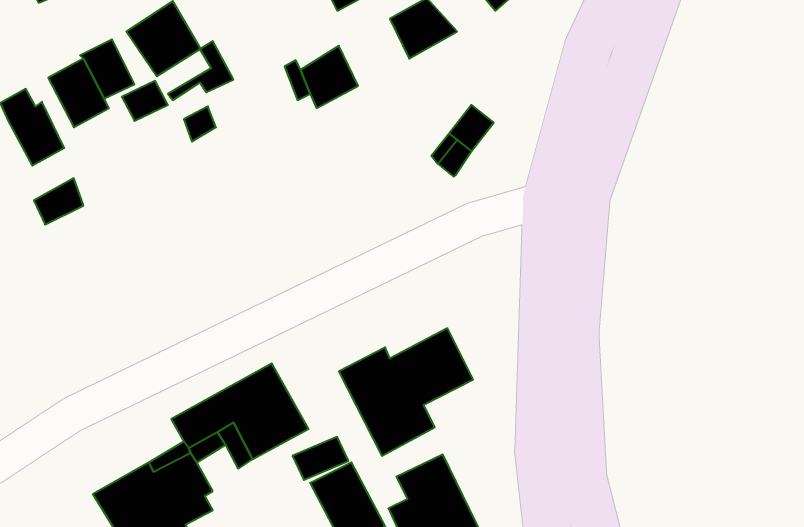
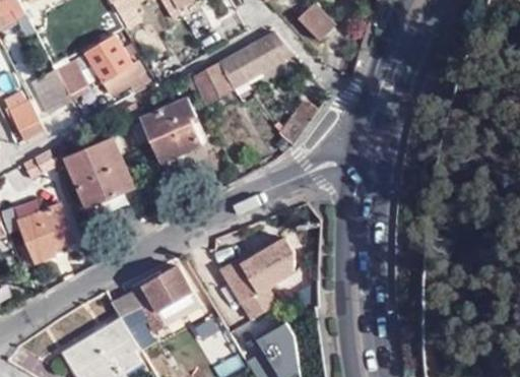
building: none -> [217,46,262,88]
building: none -> [142,100,199,158]
building: none -> [64,138,131,206]
building: none -> [14,205,70,263]

